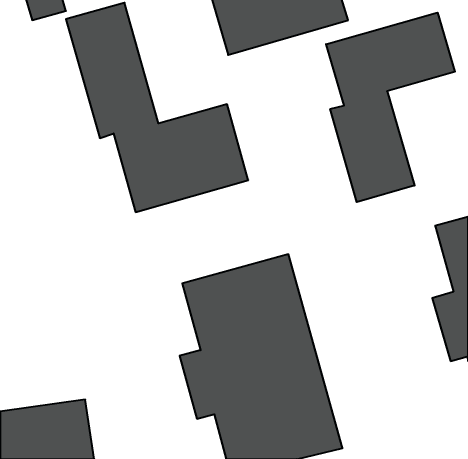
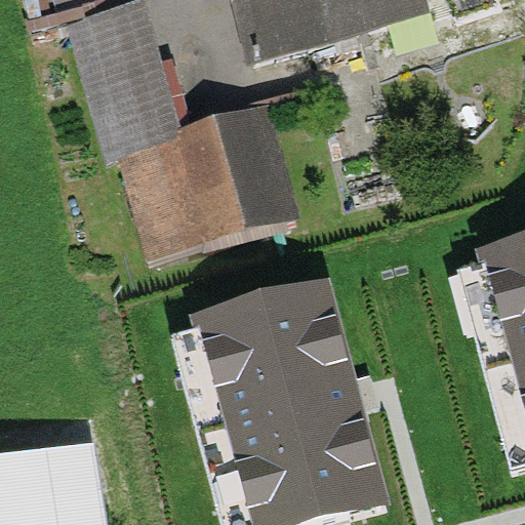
building: [326,13,455,202] -> none

